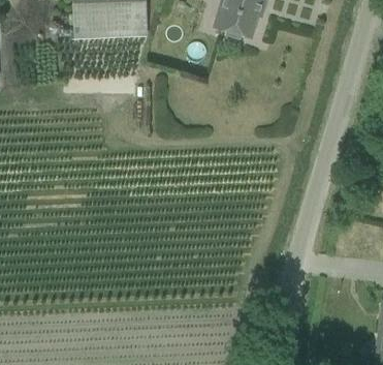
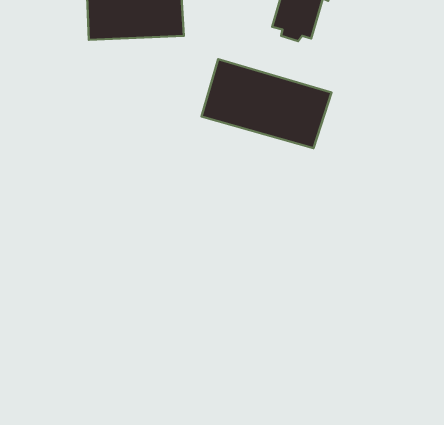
building: none -> [201,59,332,148]

